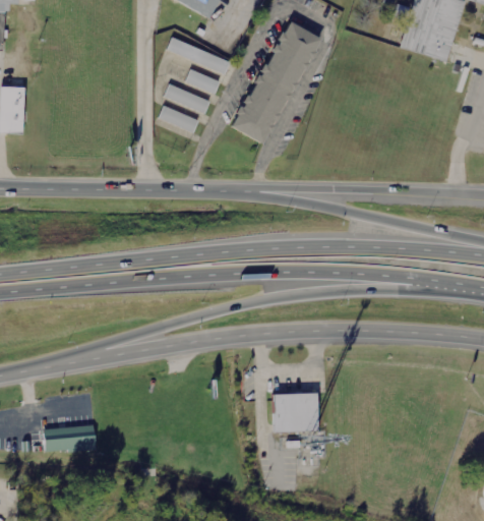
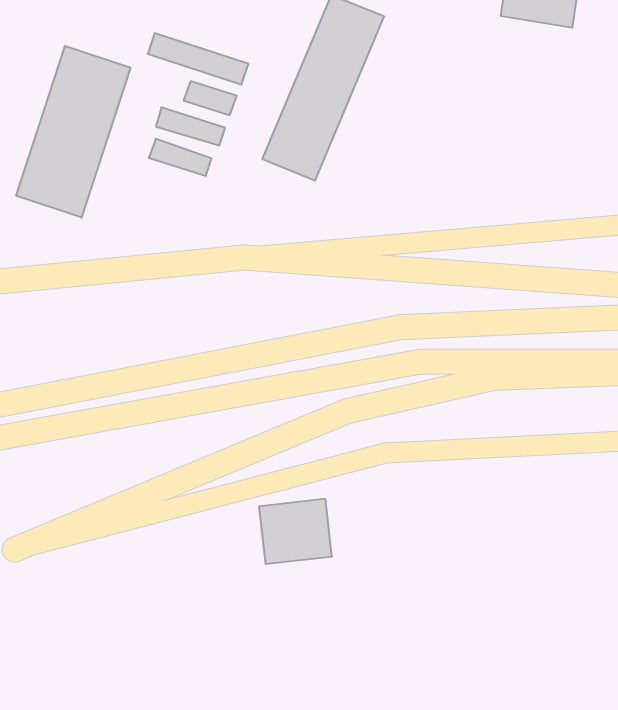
building: none -> [16,46,130,218]
building: [275,394,319,432] -> [259,499,332,564]
building: [43,427,96,452] -> none

